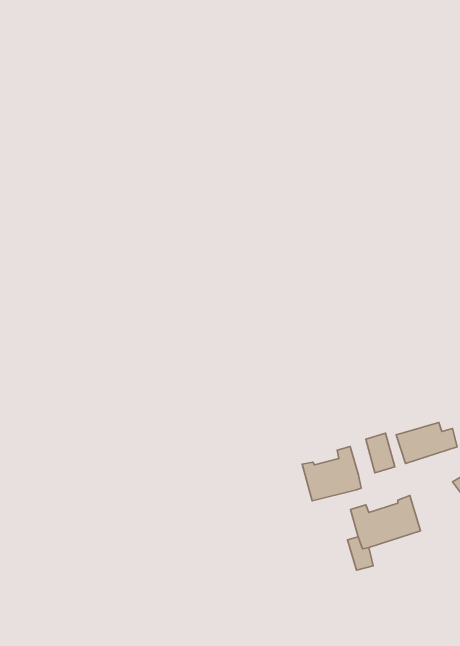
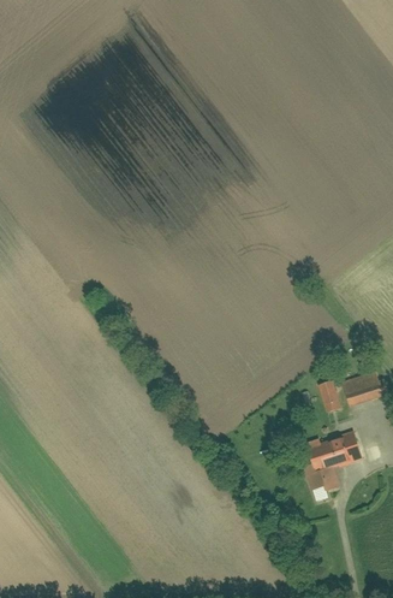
building: [302,447,361,501] -> none

